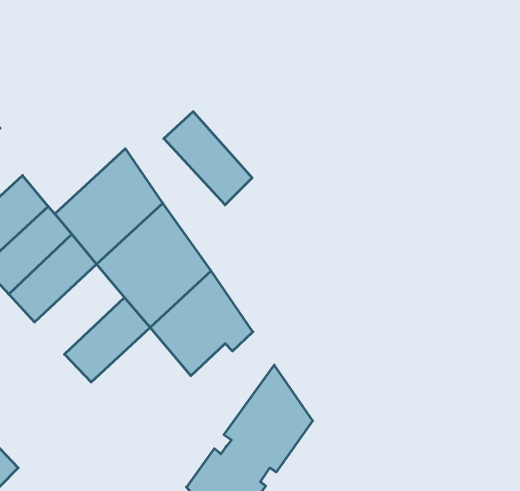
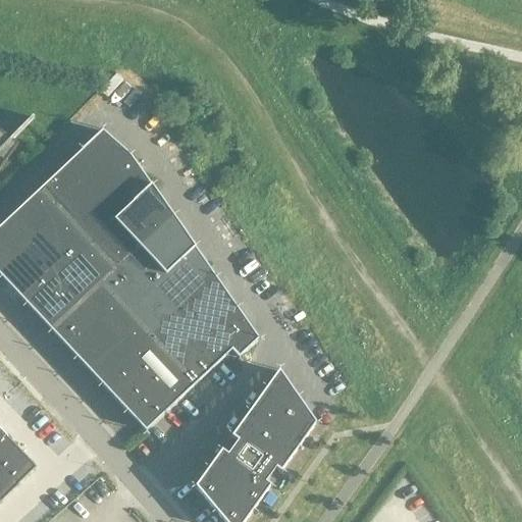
building: [164,112,252,205] -> none
building: none -> [39,127,137,223]
building: none -> [50,271,136,357]
building: none -> [104,331,199,427]

